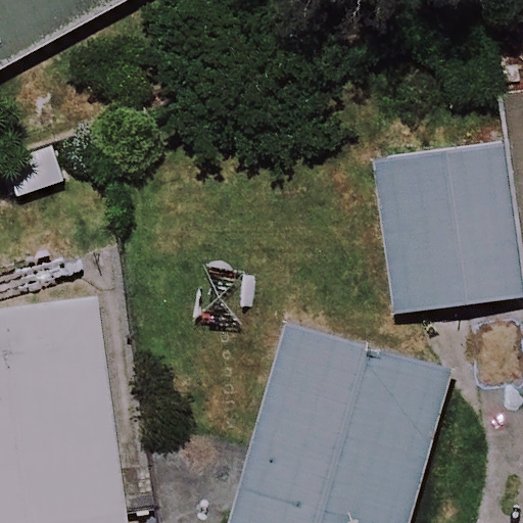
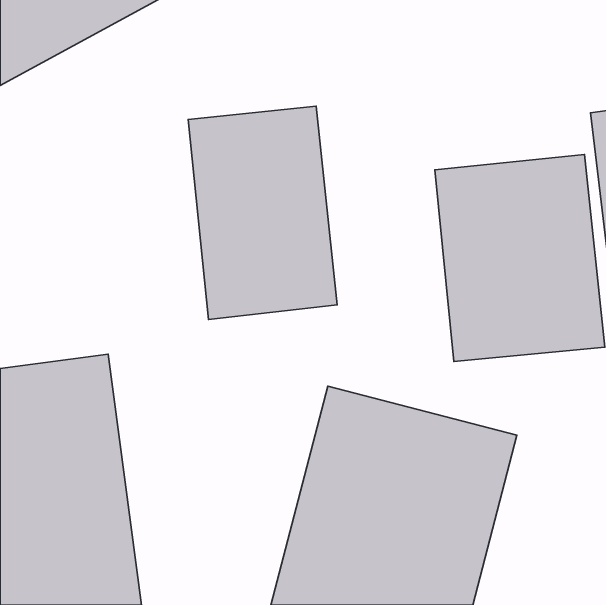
building: none -> [188,106,337,319]

